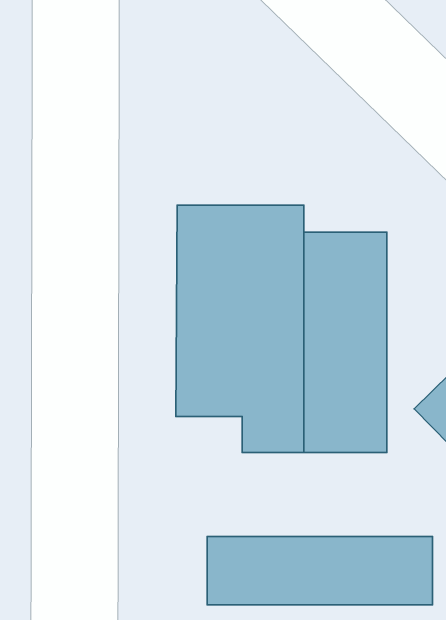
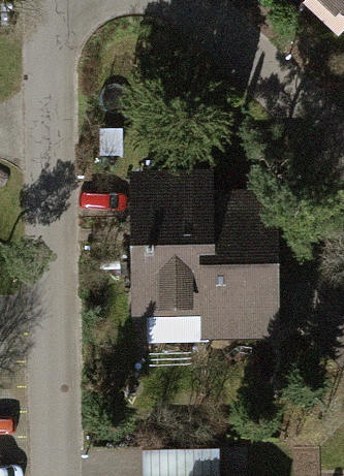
building: [207,536,433,605] -> none

